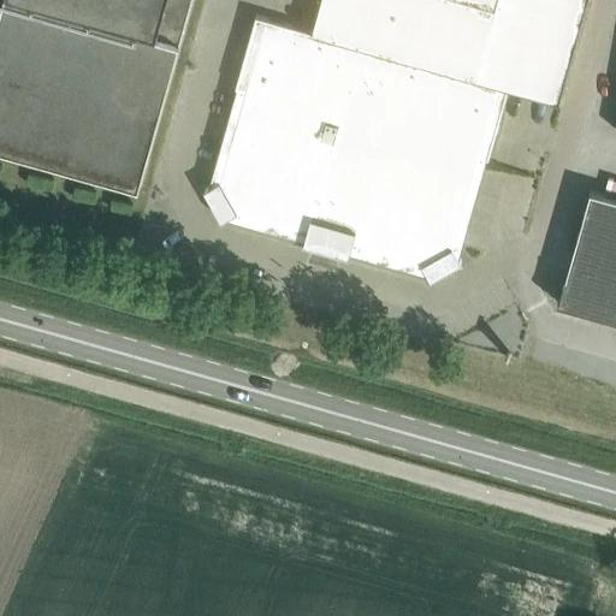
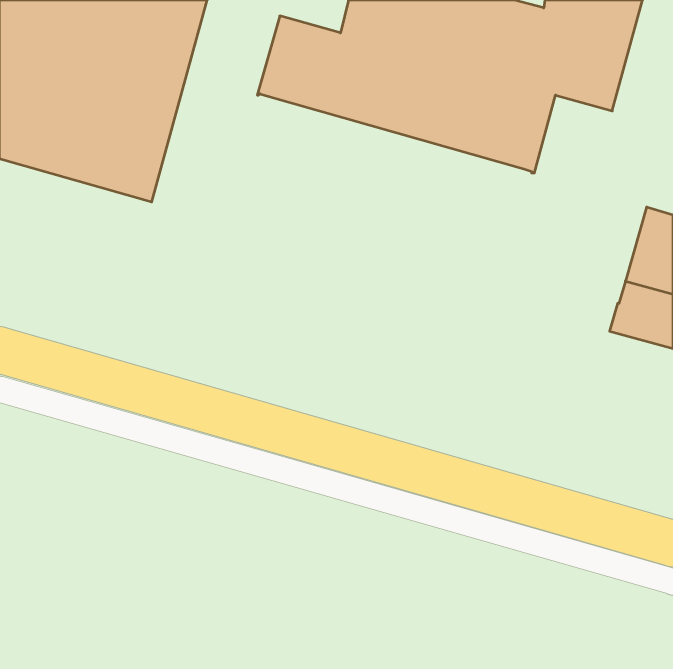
building: [203,93,478,284] -> none

